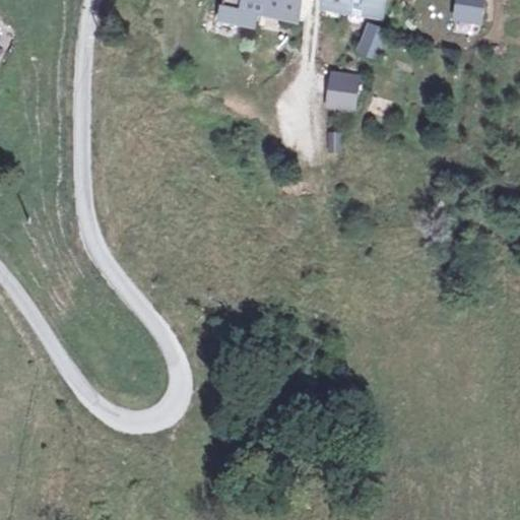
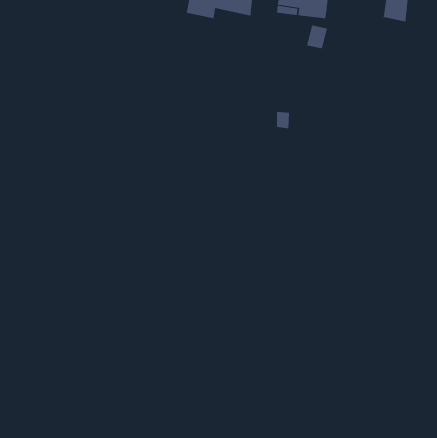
building: [324,69,360,111] -> none

